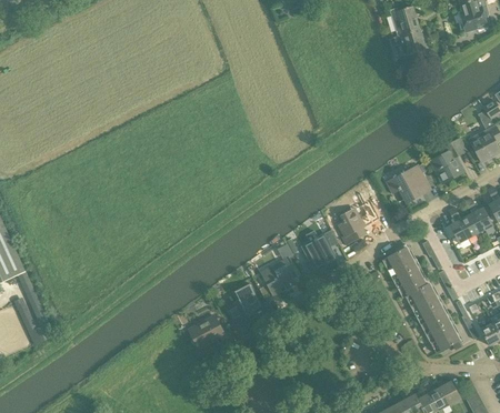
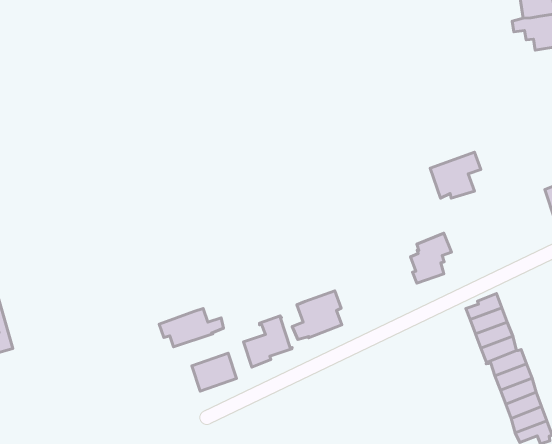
building: [387,165,424,203] -> [430,152,481,198]
building: [302,231,338,272] -> none
building: none -> [159,309,224,347]

